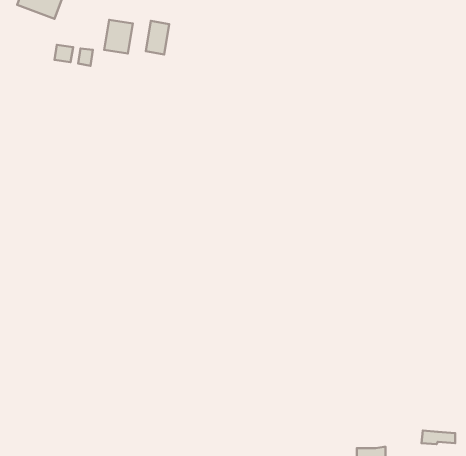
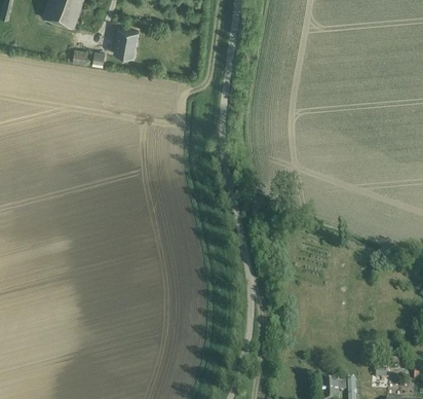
building: [146,21,169,54] -> none

